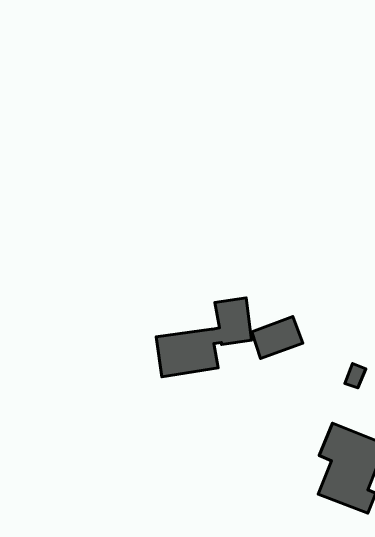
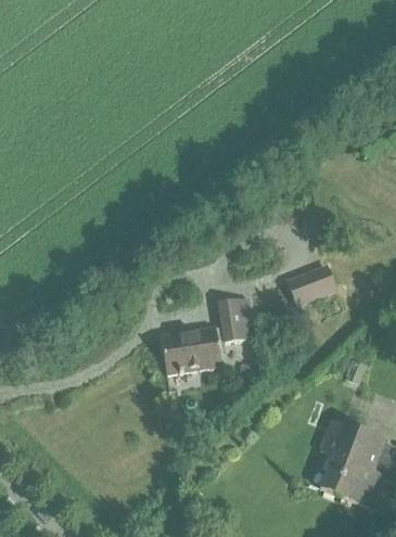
building: [252,316,303,359] -> [288,265,337,306]

